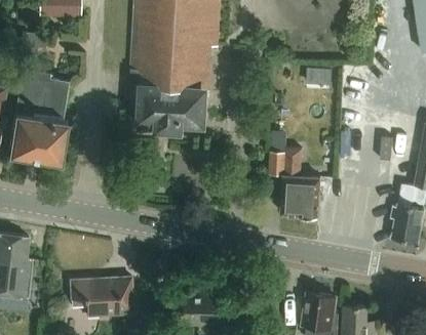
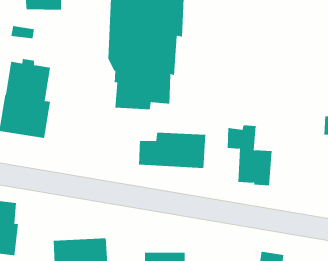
building: none -> [138,132,206,169]

